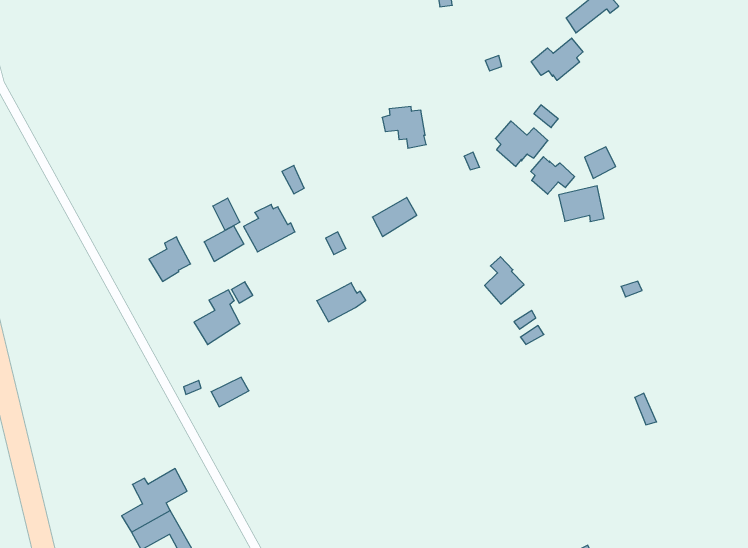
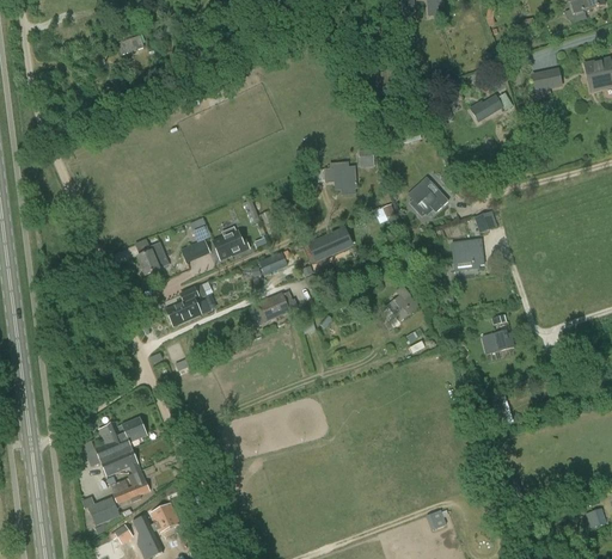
building: [531,38,583,80] -> none
building: [531,157,575,194] -> none
building: none -> [481,330,513,352]

